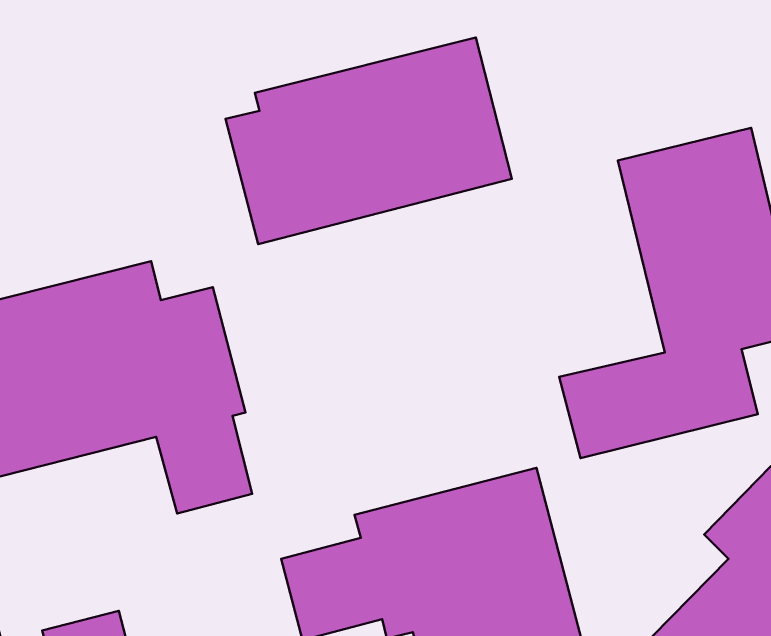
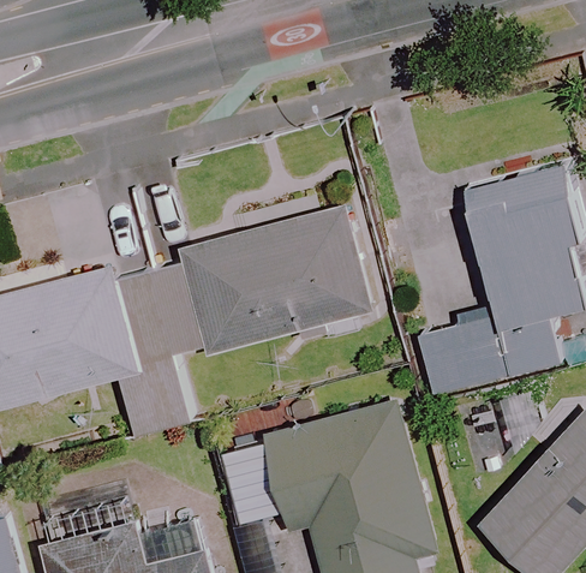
building: [226,37,512,244] -> [160,209,371,362]

